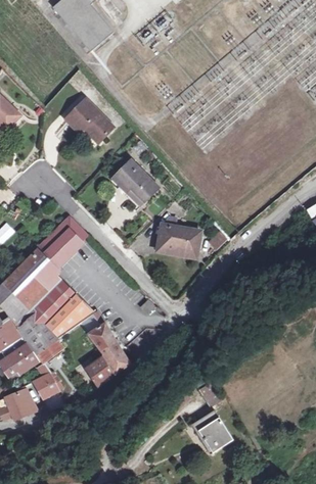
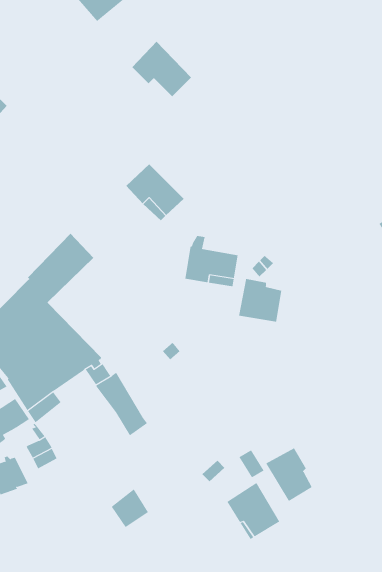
building: [66,98,114,142] -> [132,41,192,97]
building: none -> [238,278,282,322]
building: [86,354,116,385] -> [111,488,149,528]
building: none -> [266,447,313,502]

